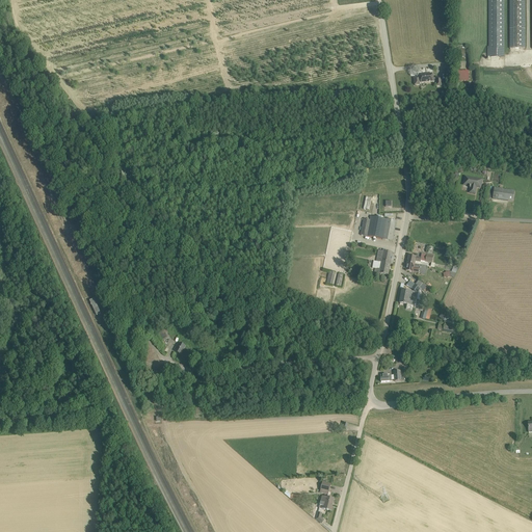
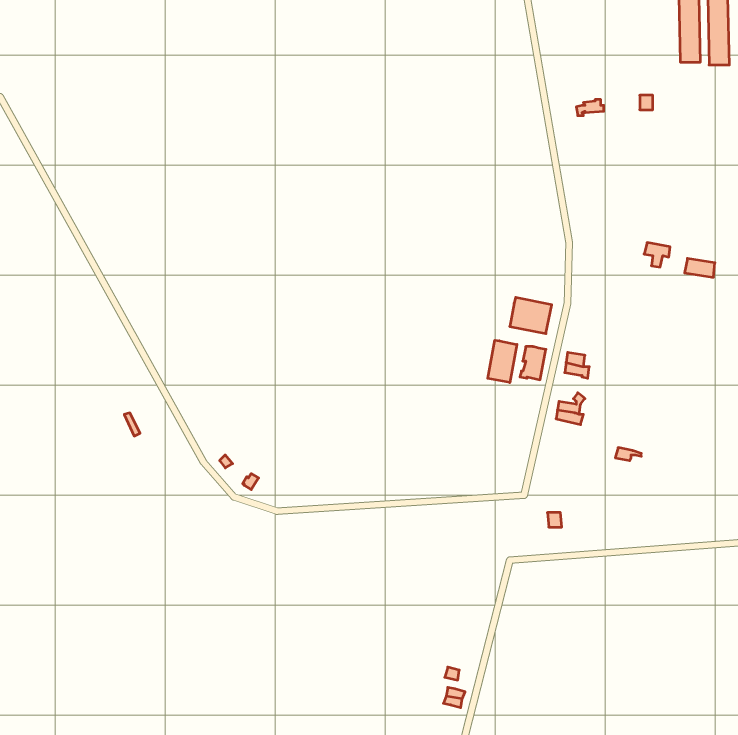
building: none -> [488,340,517,383]

